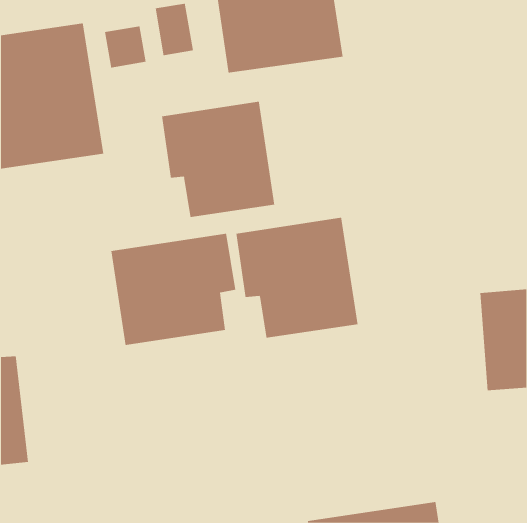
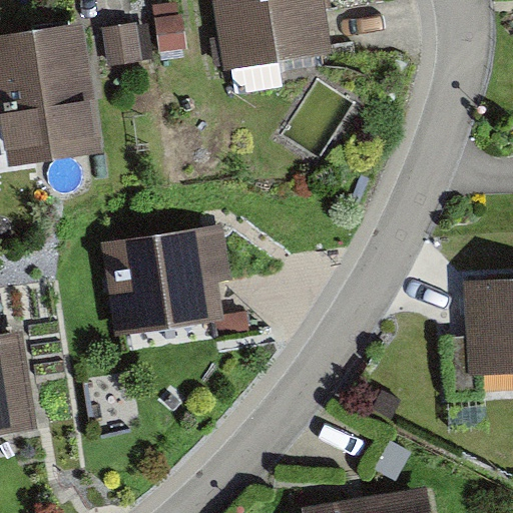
building: [161,101,275,218] -> none
building: [236,217,358,339] -> none

